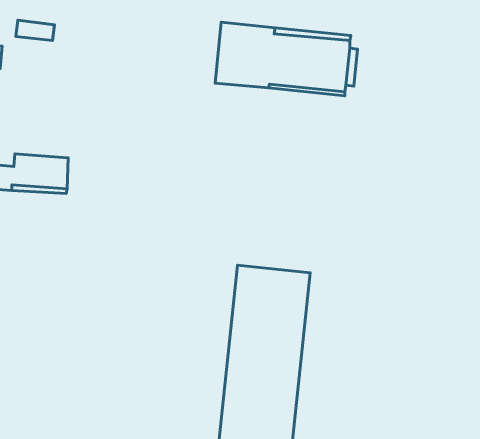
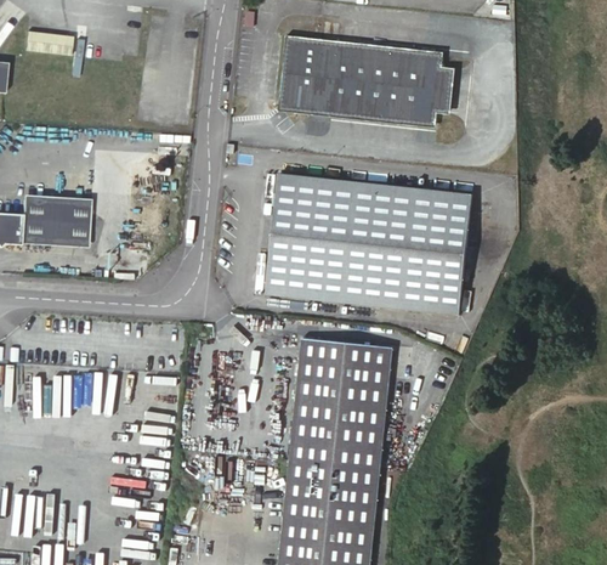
building: none -> [265,177,469,311]

